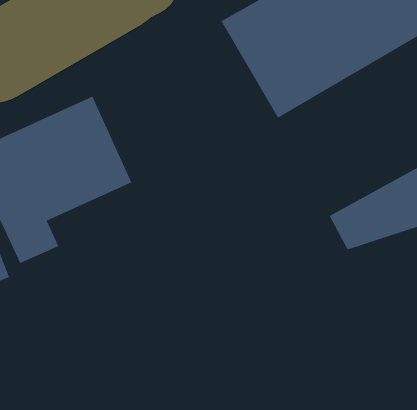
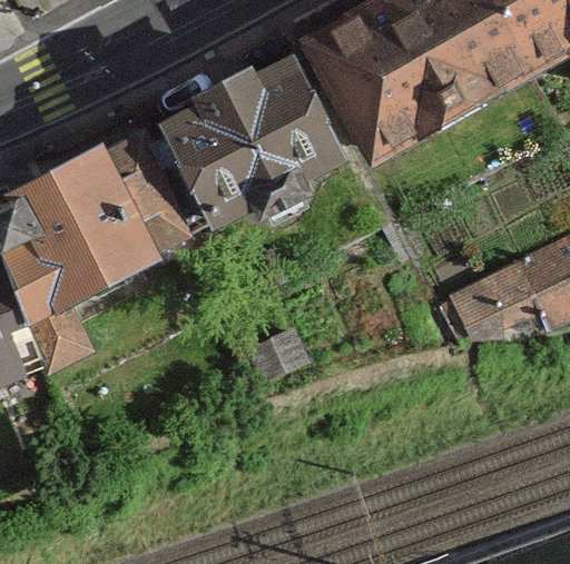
building: none -> [148,50,346,238]

